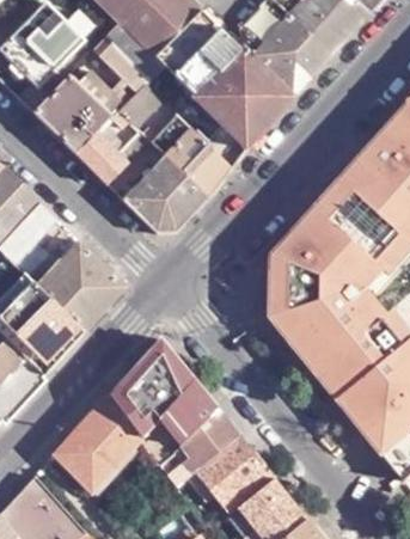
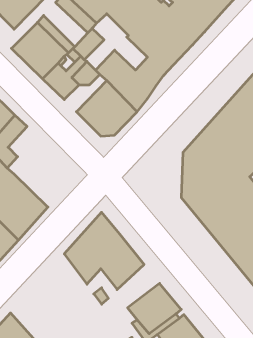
building: [38,240,124,330] -> none
building: [54,394,139,489] -> none
building: [166,409,239,485] -> none

